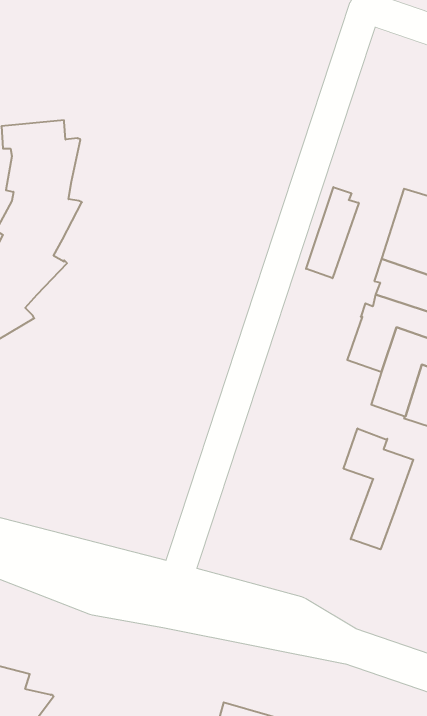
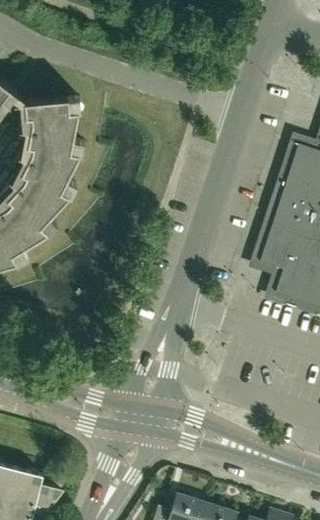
building: [306,187,359,278] -> none
building: [344,428,413,549] -> none

